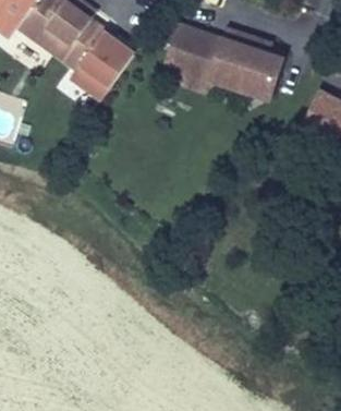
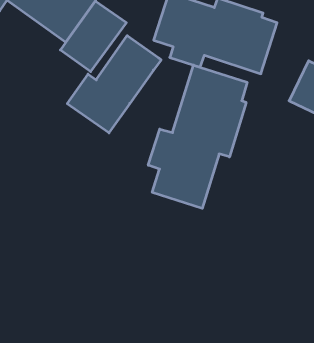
building: none -> [67,36,161,133]
building: none -> [148,65,247,208]

